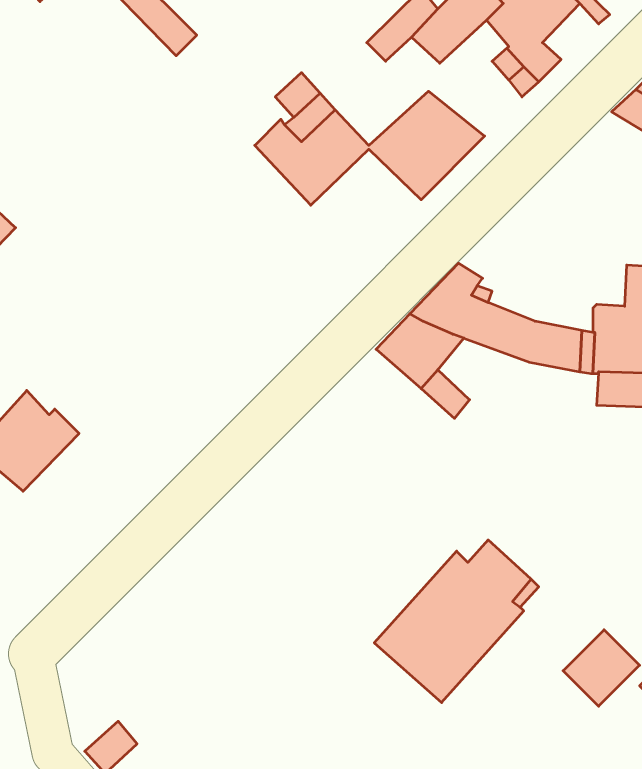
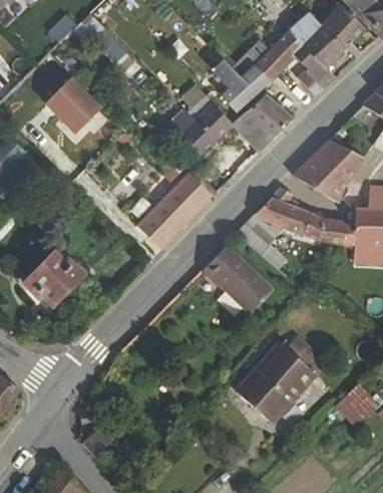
building: none -> [213,59,270,111]
building: none -> [43,75,100,133]
building: none -> [293,140,364,204]
building: none -> [136,174,211,249]
building: none -> [202,243,272,312]

